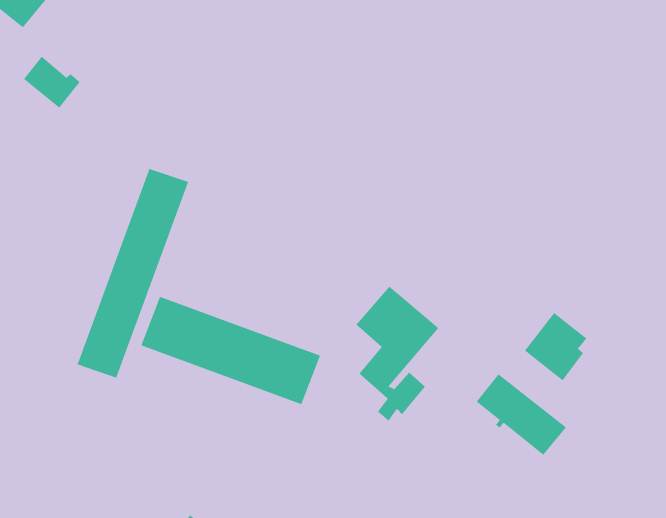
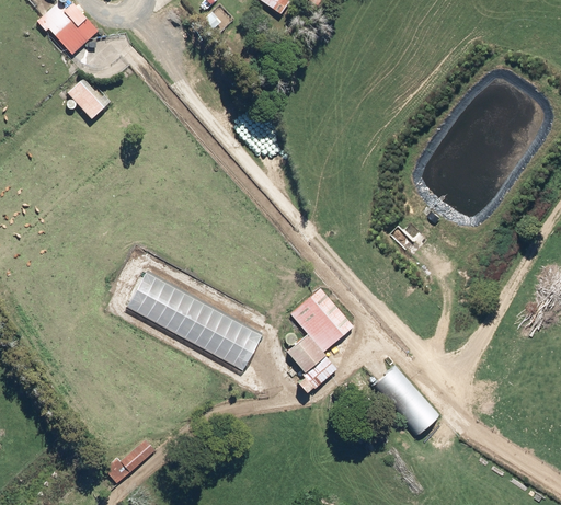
building: [77,168,189,379] -> none
building: [524,312,587,381] -> none

